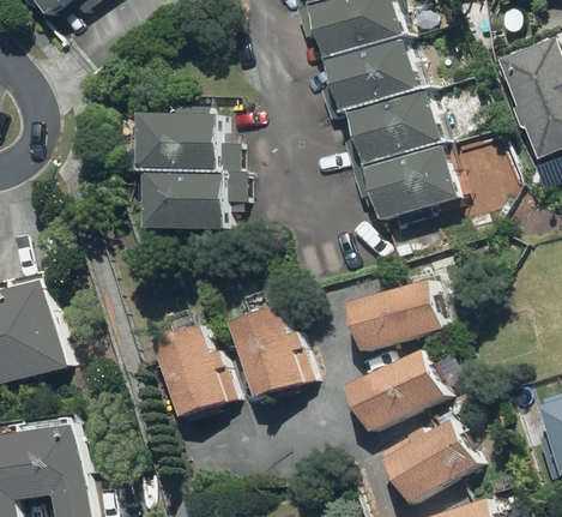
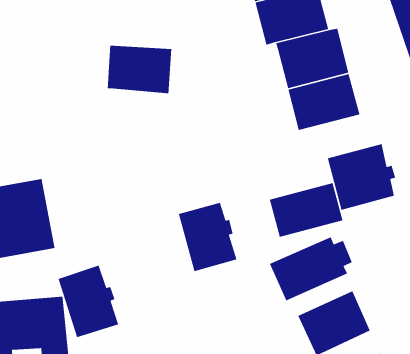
building: [146,164,232,230] -> none
building: none -> [327,143,396,211]
building: [152,319,230,413] -> [58,264,119,338]

